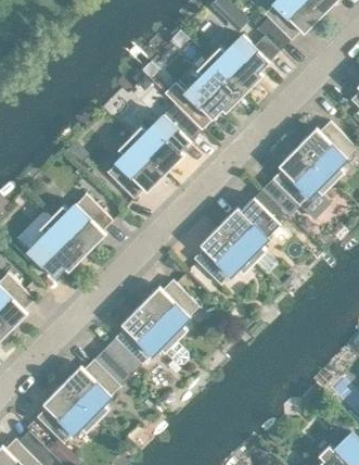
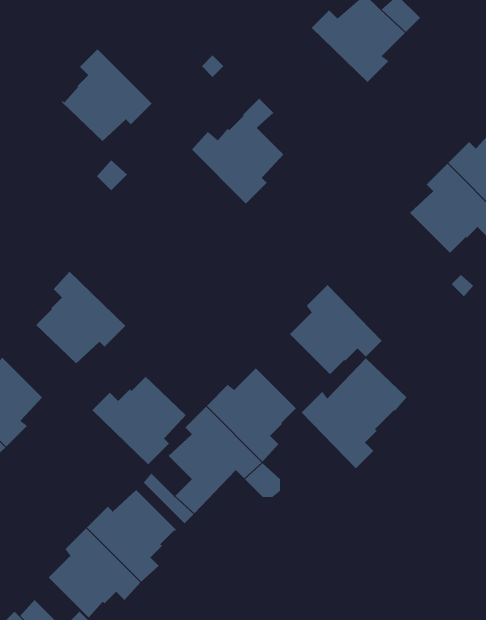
building: [175,56,245,128] -> none
building: [106,136,166,197] -> [61,48,152,142]
building: [219,188,289,261] -> [301,358,407,469]
building: [51,192,113,251] -> [91,375,186,465]

